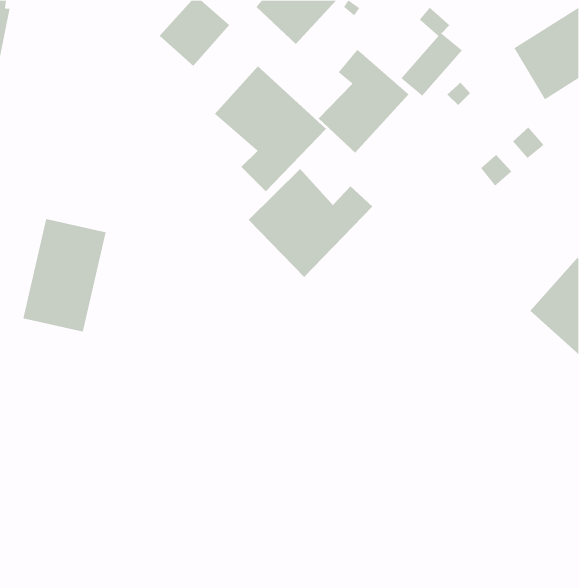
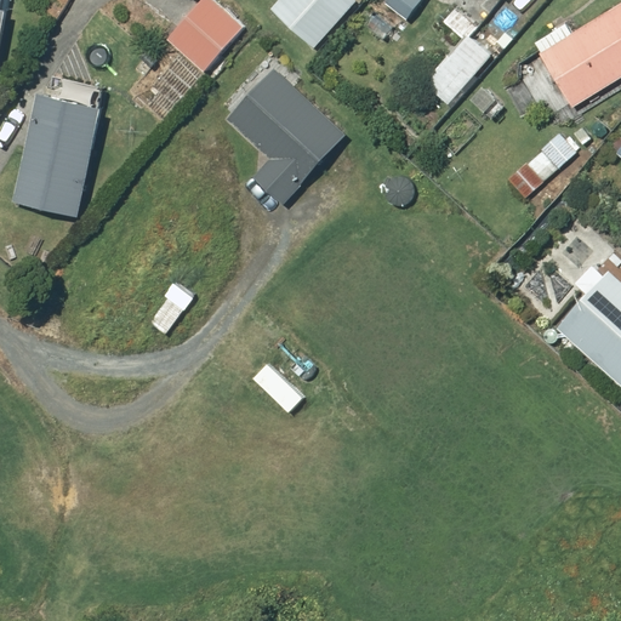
building: [318,49,409,153] -> none
building: [248,168,373,278] -> none
building: [23,218,107,332] -> [15,95,103,215]

